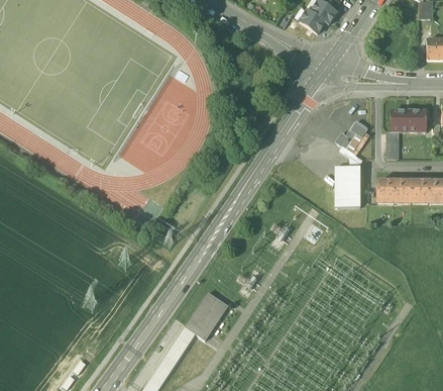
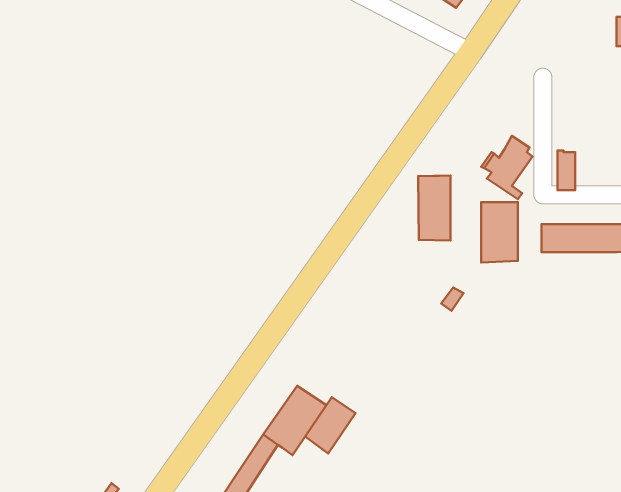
building: [391,110,426,131] -> none
building: none -> [418,176,451,241]
building: none -> [305,397,355,453]

